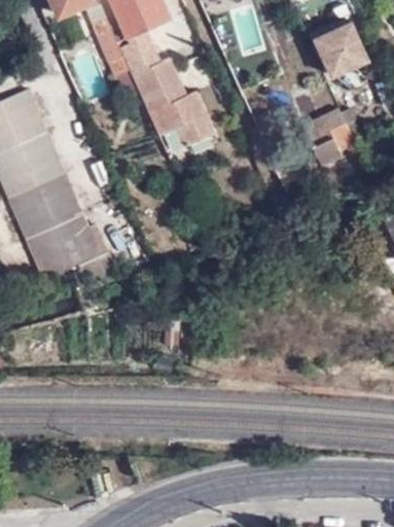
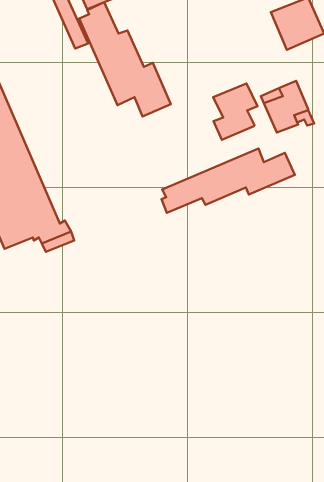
building: none -> [213,84,257,140]
building: none -> [161,148,295,213]

